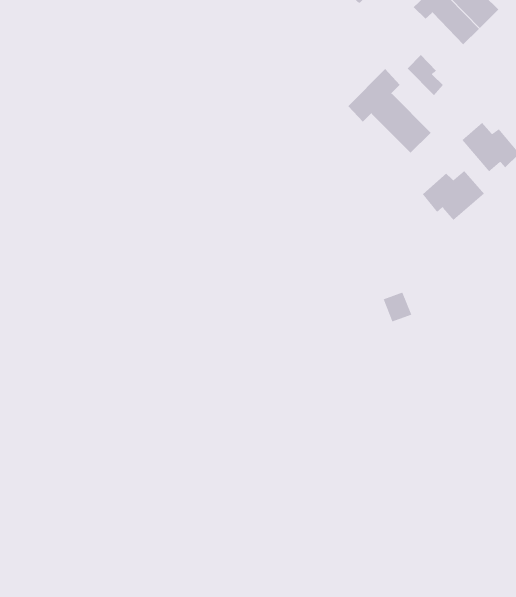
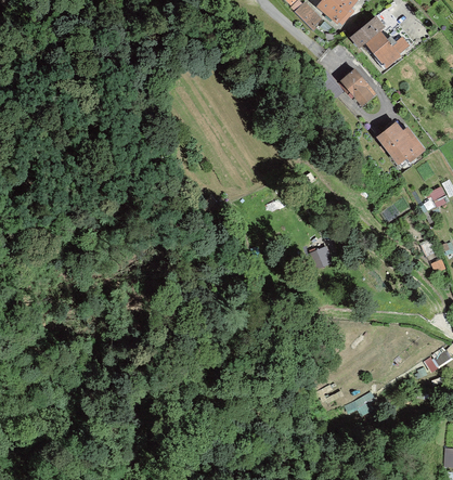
building: [347,68,432,154] -> none
building: [422,170,485,221] -> none

